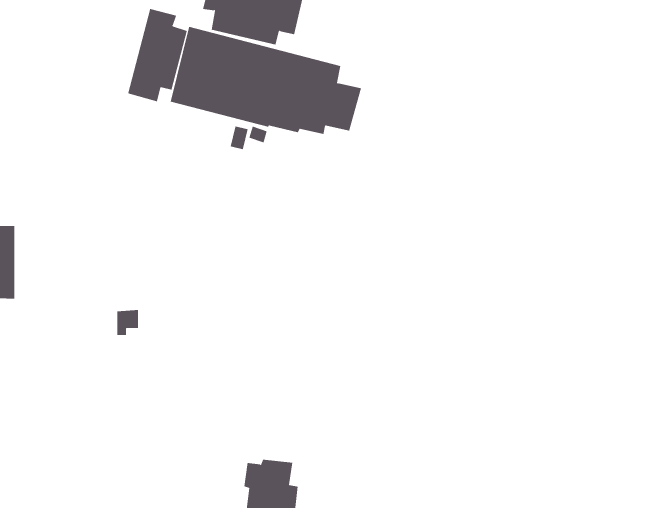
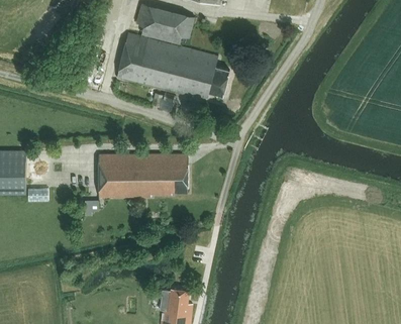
building: [128,8,188,102] -> none
building: none -> [97,153,188,197]

